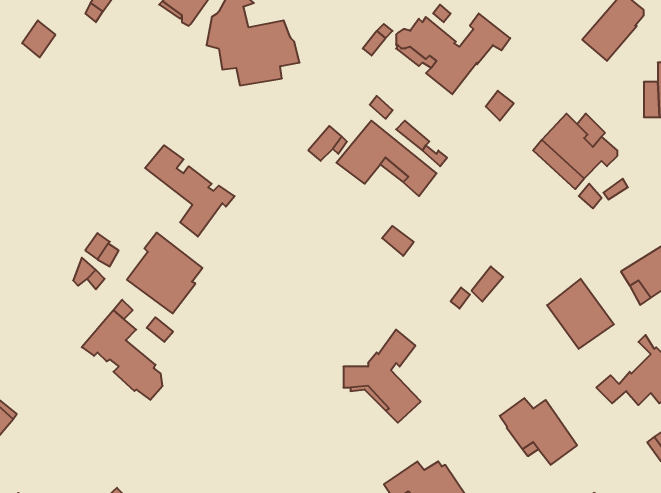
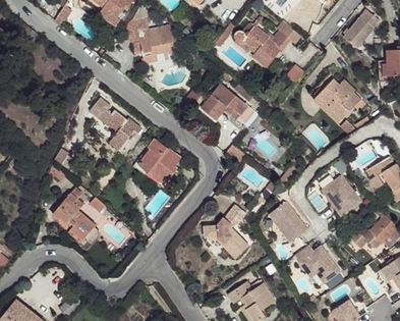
building: [127,233,202,313] -> [137,138,181,184]
building: none -> [269,201,306,242]

